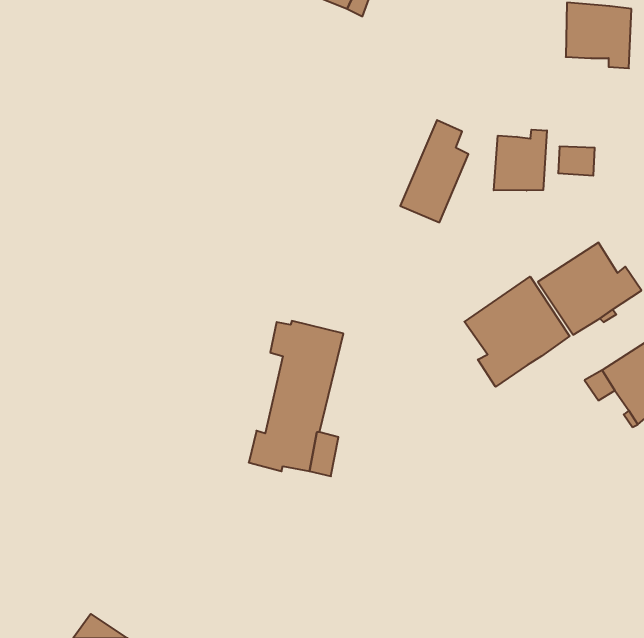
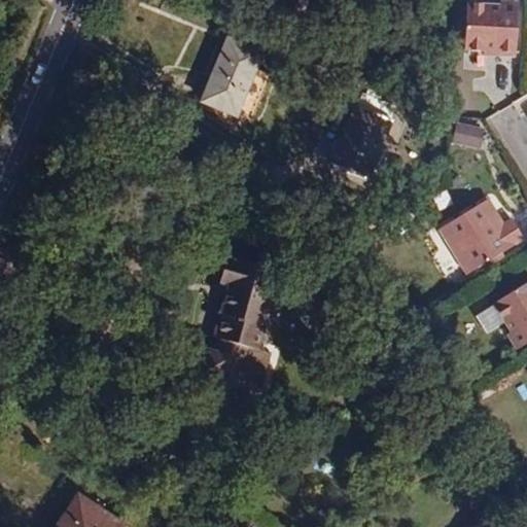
building: none -> [201,41,257,116]
building: [494,130,547,191] -> none
building: [464,277,570,387] -> none

